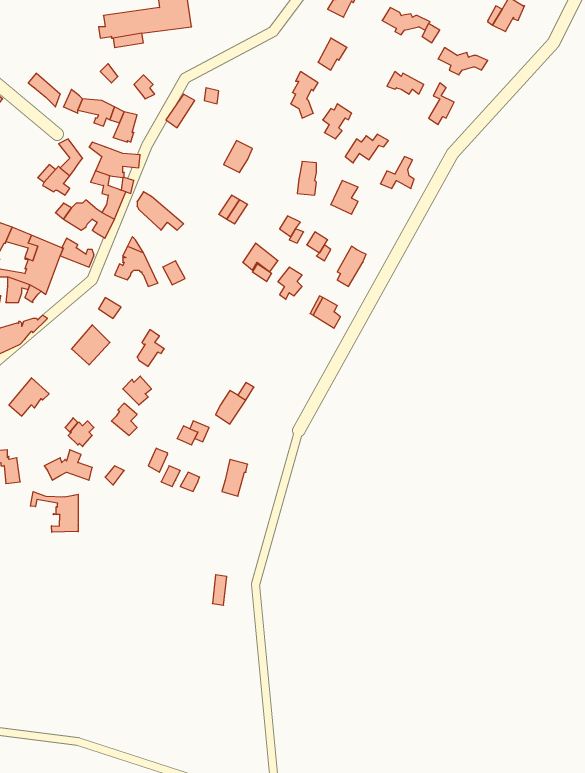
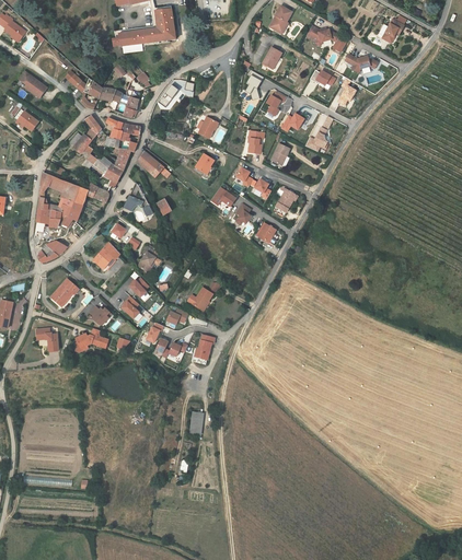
building: [30,492,78,532] -> none

